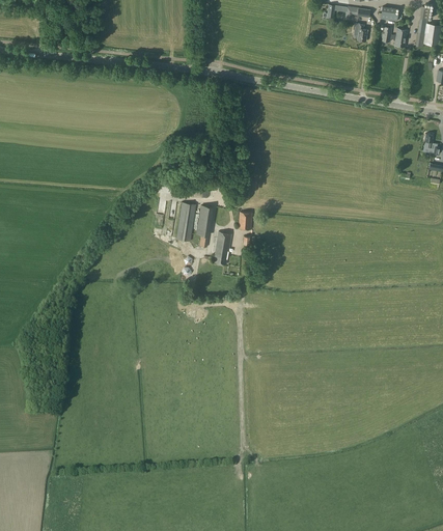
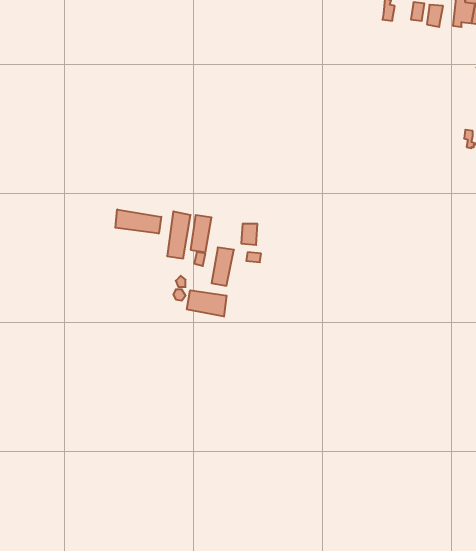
building: none -> [115,209,161,234]
building: none -> [187,290,227,317]

